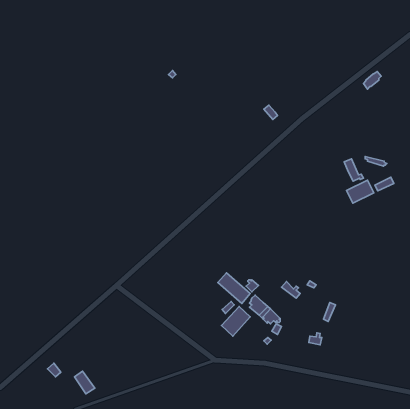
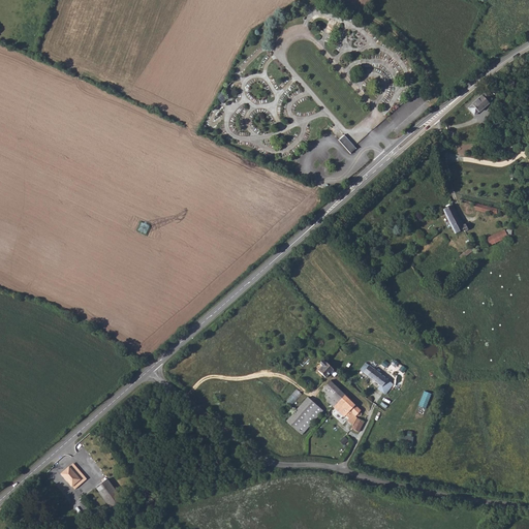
building: [346,180,374,203] -> none
building: [218,273,250,304] -> none

